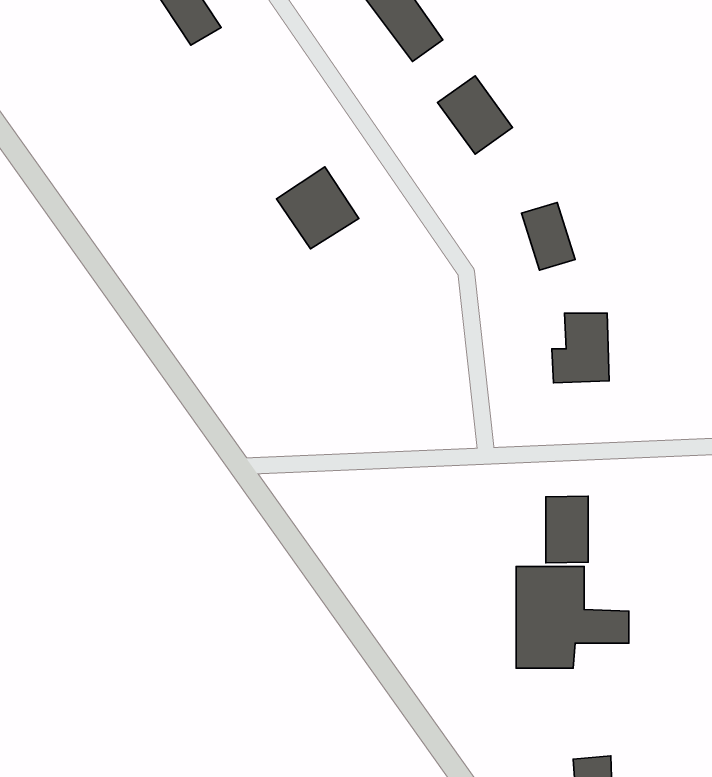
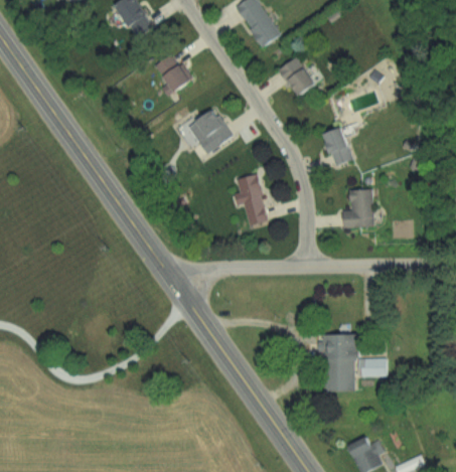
building: none -> [153,53,194,93]
building: none -> [233,173,269,226]
building: [546,496,588,563] -> none

